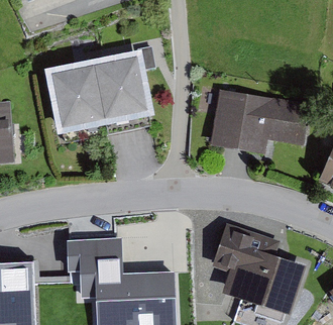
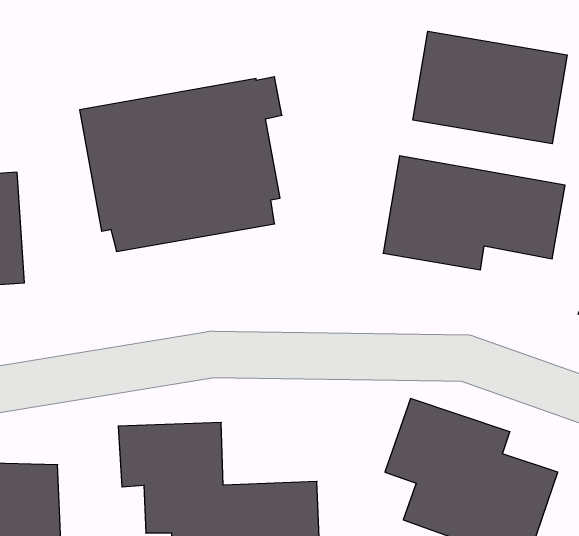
building: none -> [413,31,567,144]

